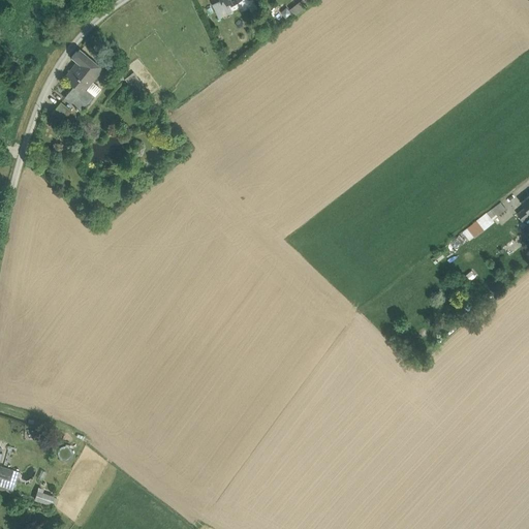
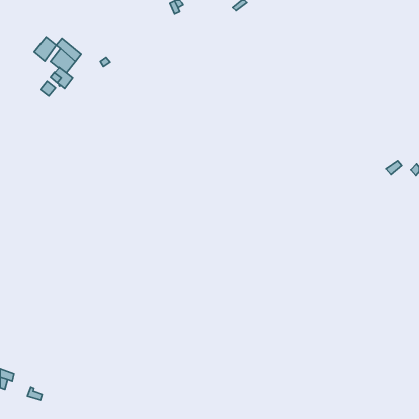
building: none -> [34,37,57,61]

